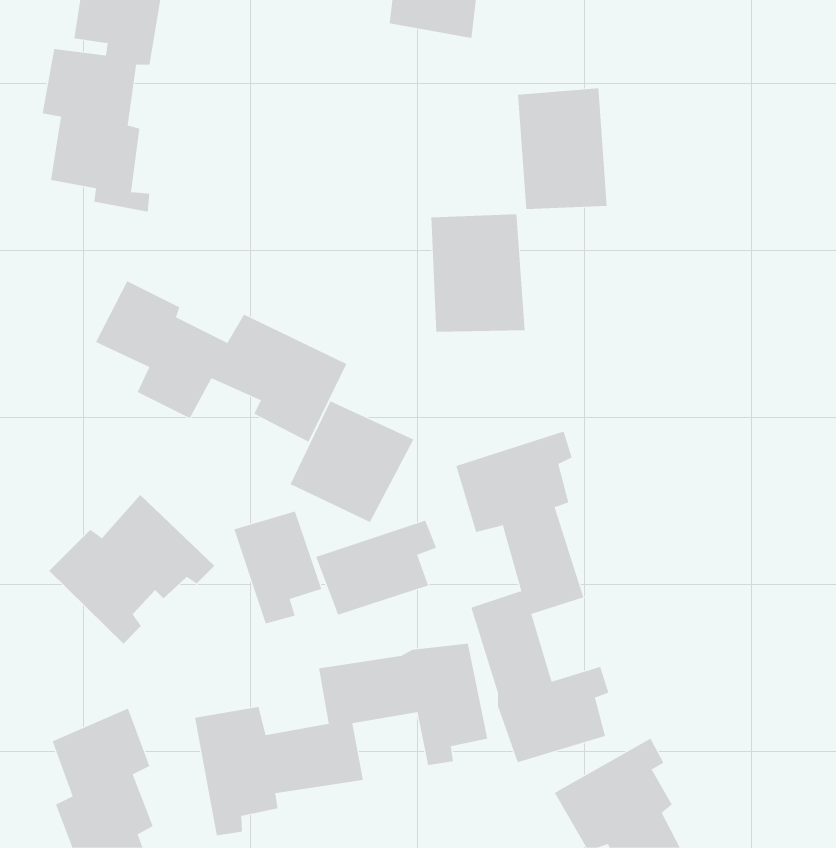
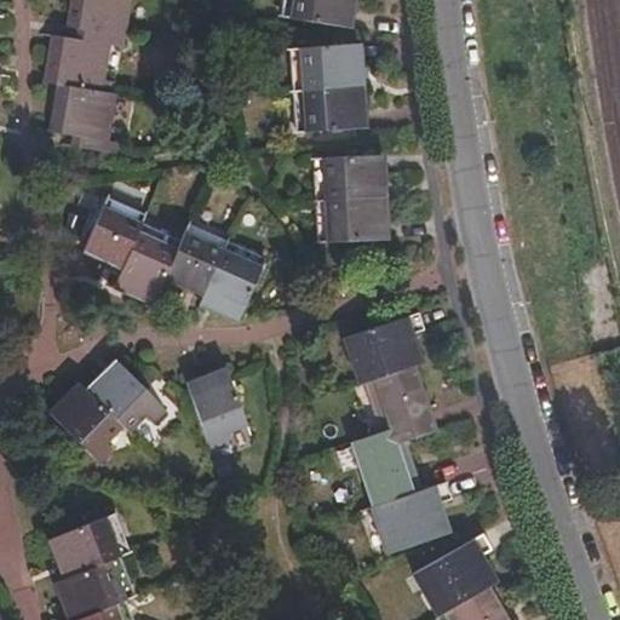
building: [517,88,607,210] -> [303,44,368,132]
building: [290,400,414,523] -> none
building: [316,520,437,615] -> none
building: [195,643,488,836] -> none

